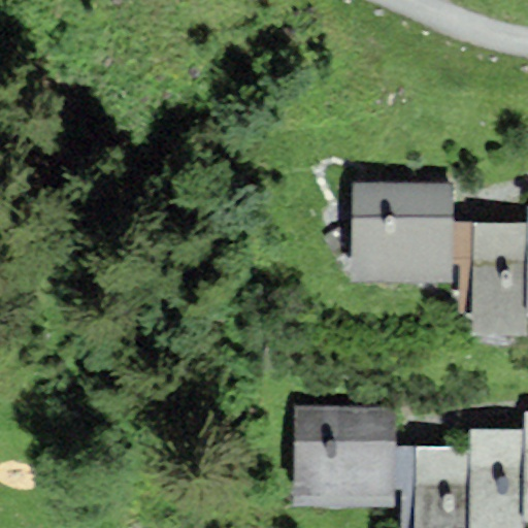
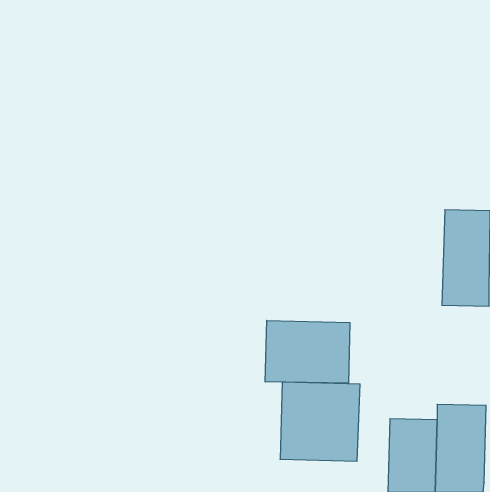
building: [358,189,443,273] -> none
building: none -> [265,320,350,383]

